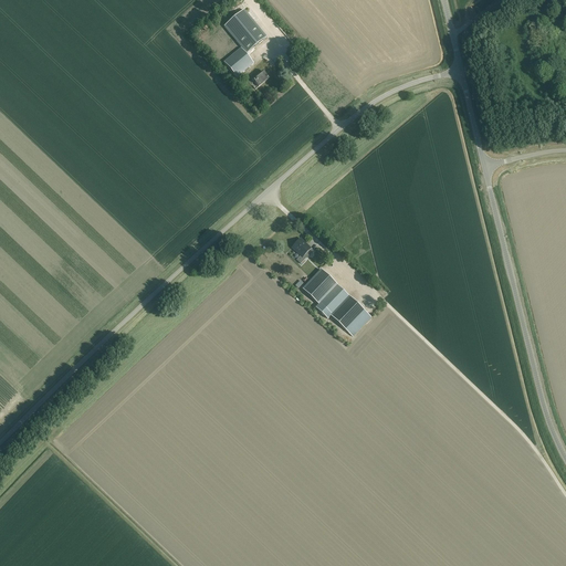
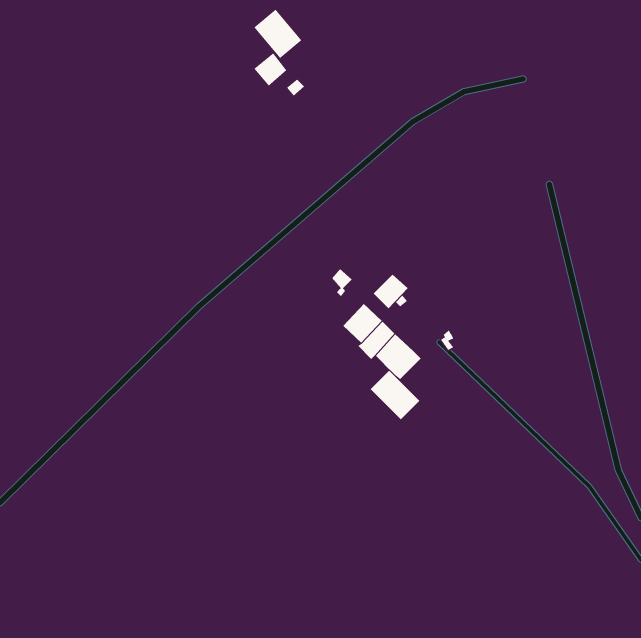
building: none -> [373,274,408,309]
building: none -> [370,370,420,420]

